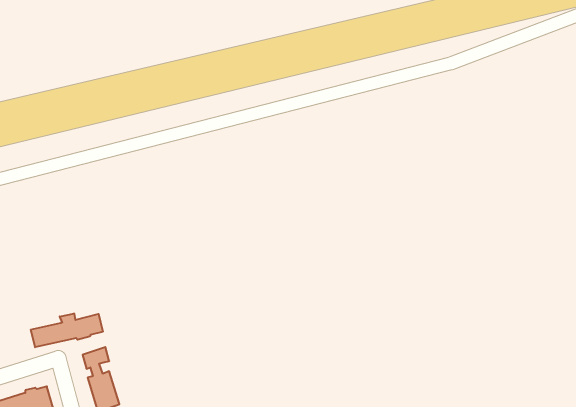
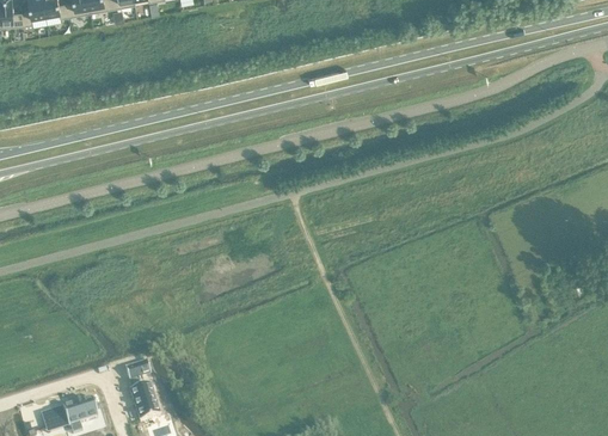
building: [31,313,103,347] -> none

